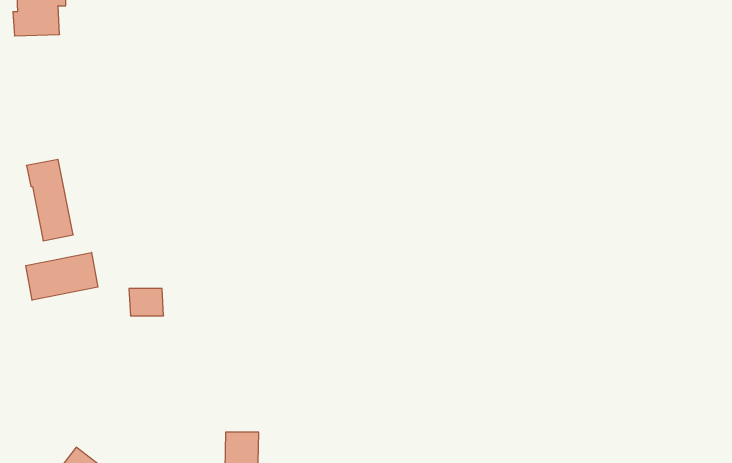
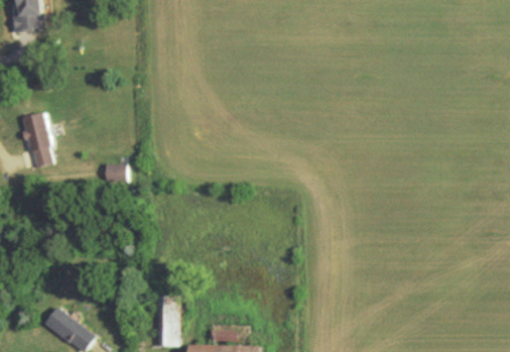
building: [26,252,98,300] -> none
building: [129,289,164,316] -> [102,163,125,182]

